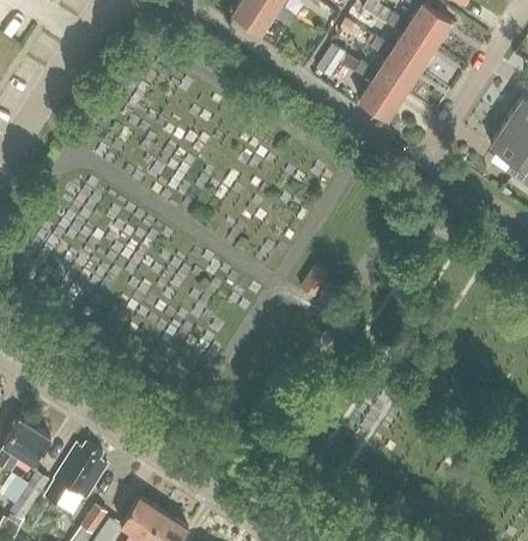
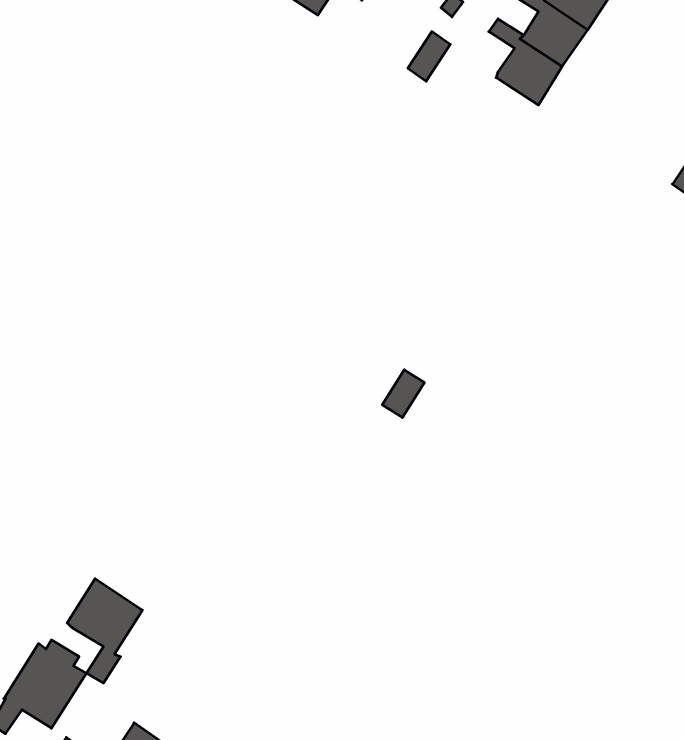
building: [354,61,402,118] -> none
building: none -> [67,579,142,683]

